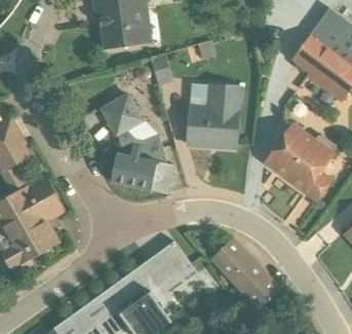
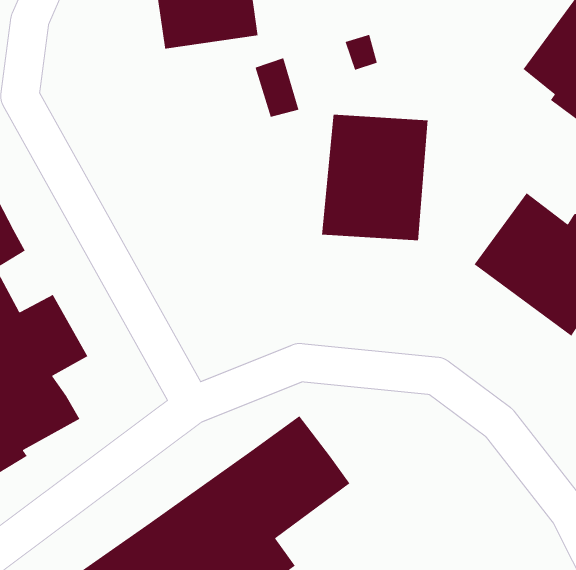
building: [102,92,174,194] -> none
building: [209,238,279,311] -> none

